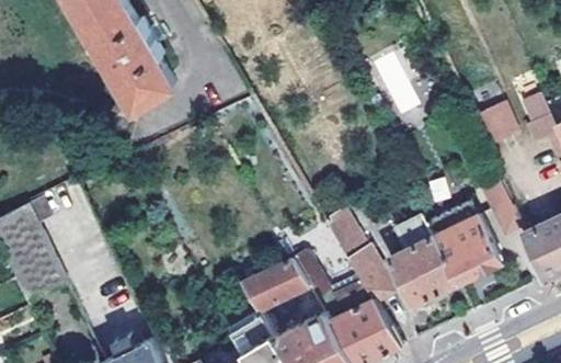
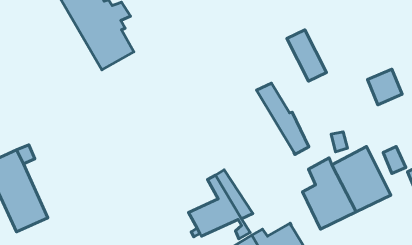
building: [323,213,389,303] -> [257,83,309,155]

